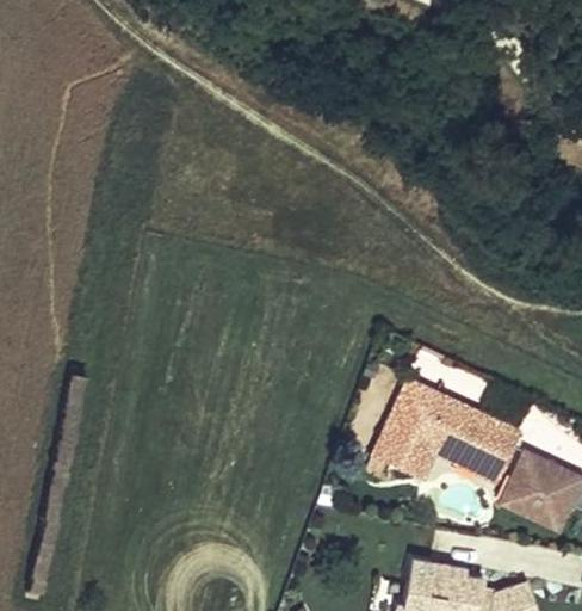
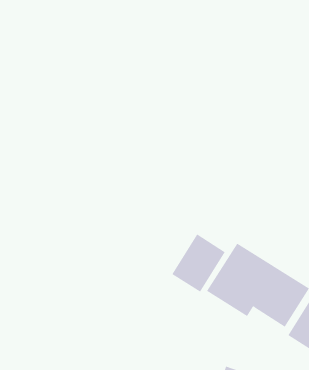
building: none -> [172,234,226,292]

